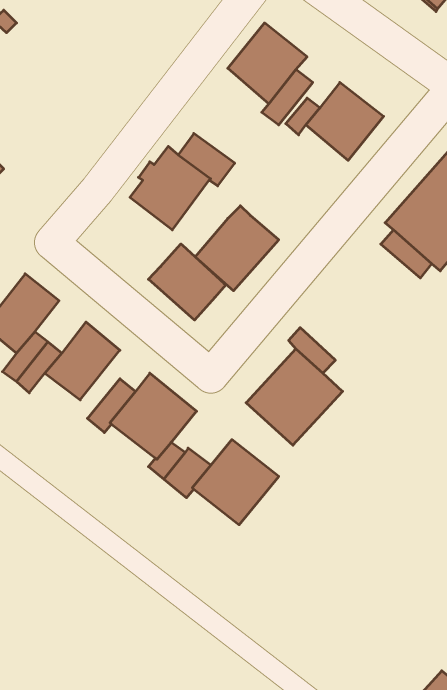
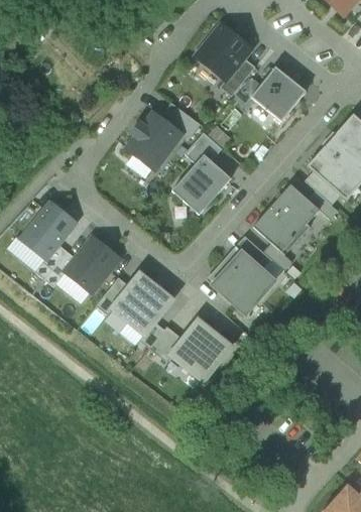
building: none -> [184,132,222,162]
building: [148,244,226,320] -> none
building: none -> [251,189,317,256]

